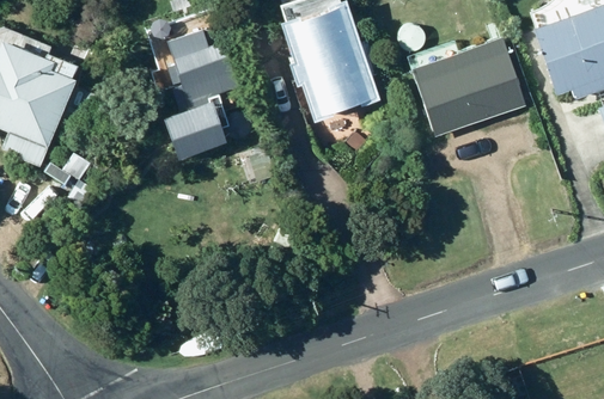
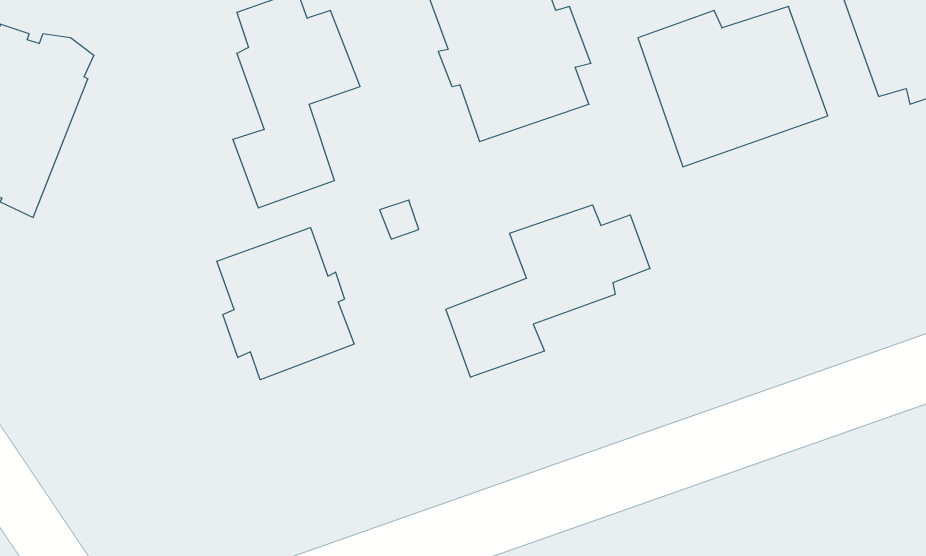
building: none -> [446,205,650,377]
building: none -> [217,228,354,380]

